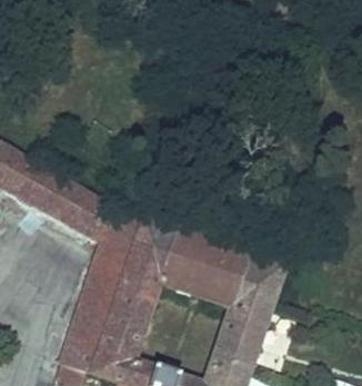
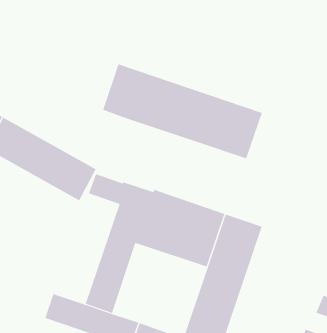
building: none -> [102,64,262,159]
building: [69,230,138,346] -> none

